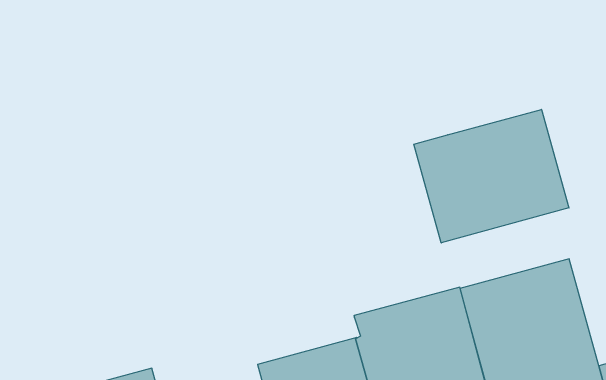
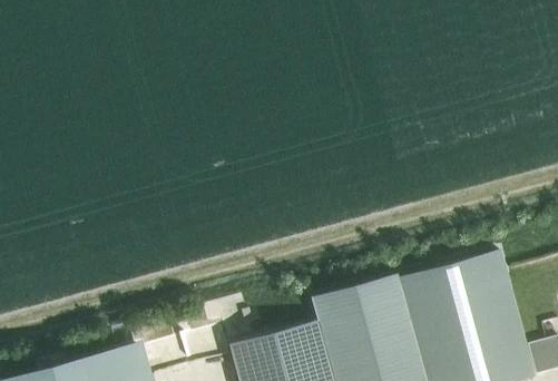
building: [414,109,569,243] -> none

